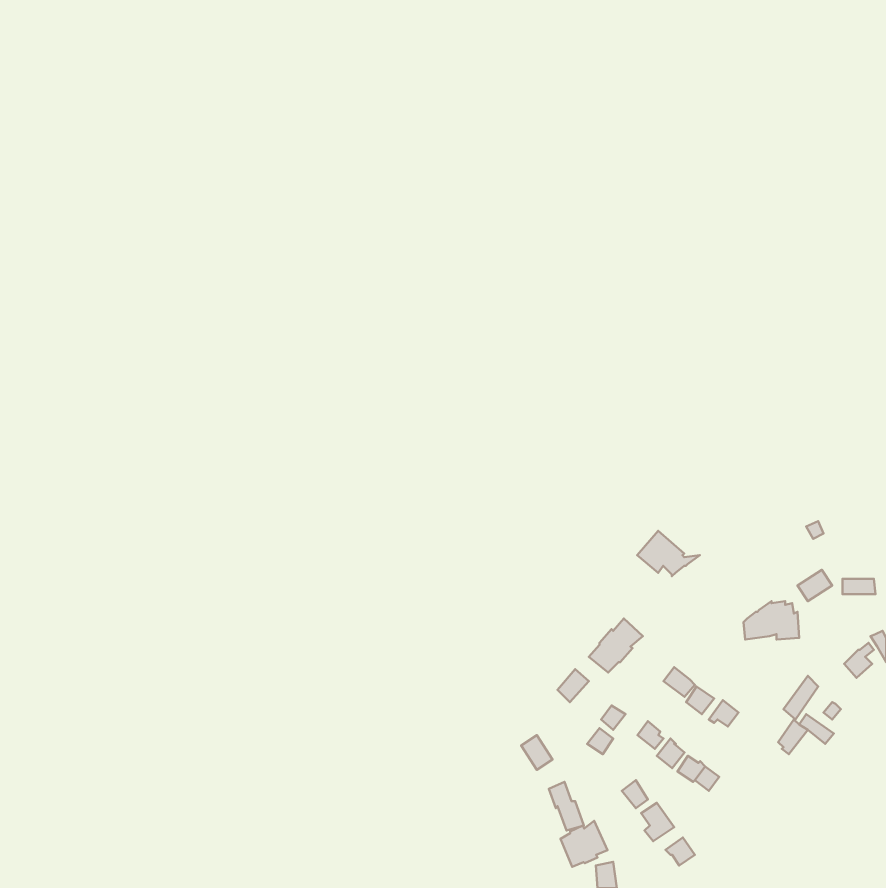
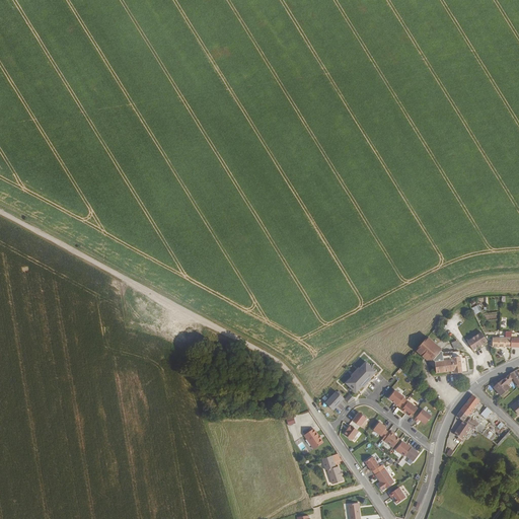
building: [637,531,700,576] -> [414,337,450,363]
building: [560,821,607,867] -> none

